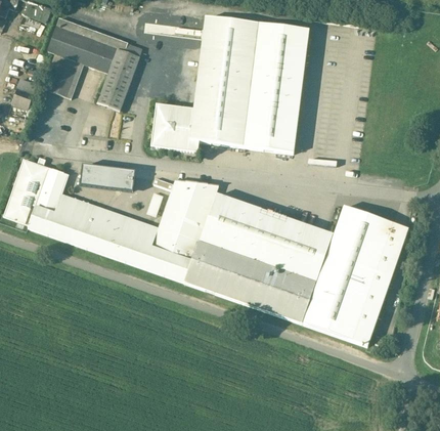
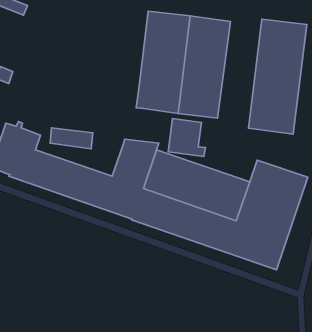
building: [48,17,141,110] -> none
building: none -> [249,19,307,134]
building: [151,103,199,152] -> [168,119,205,157]

